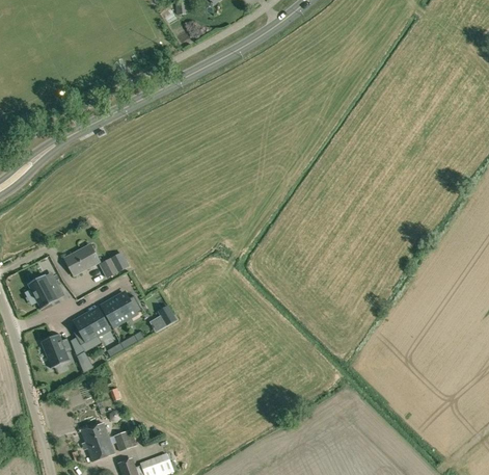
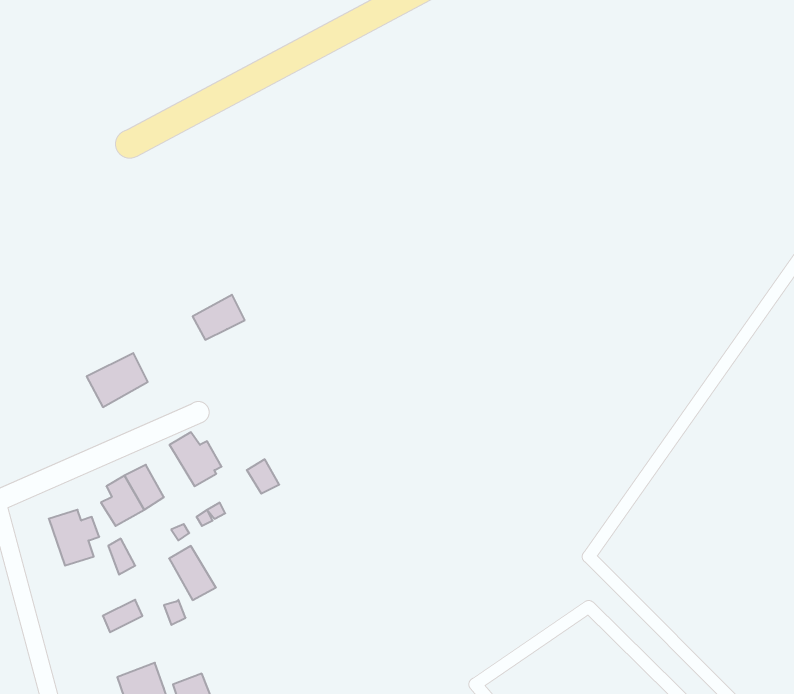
building: [99,252,129,278] -> [193,295,245,340]
building: [26,274,58,309] -> none
building: [99,297,126,328] -> [169,546,216,600]

